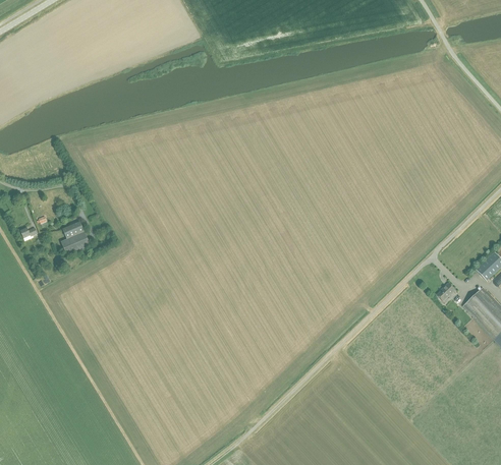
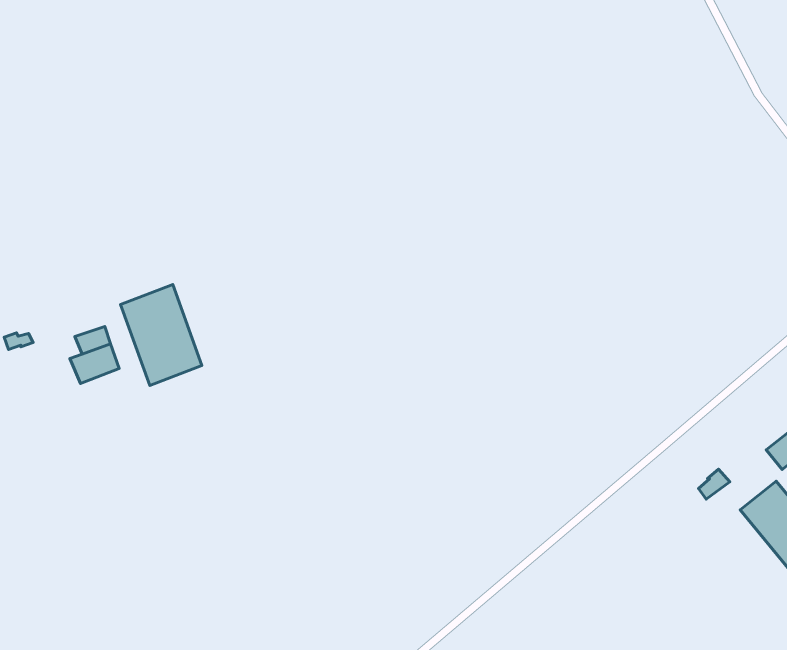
building: none -> [121,284,202,385]

